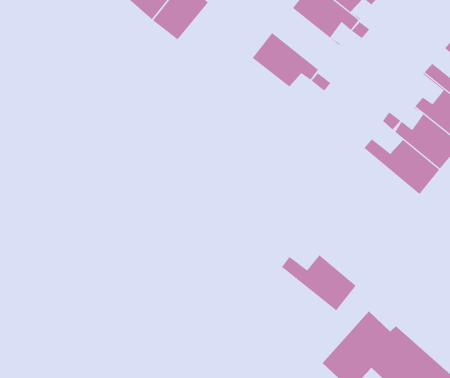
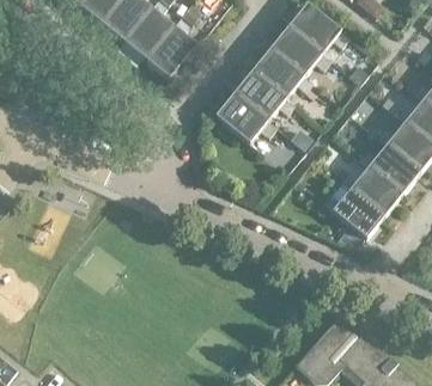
building: none -> [251,48,311,103]
building: none -> [214,92,282,142]
building: [281,239,357,311] -> [316,172,383,237]

